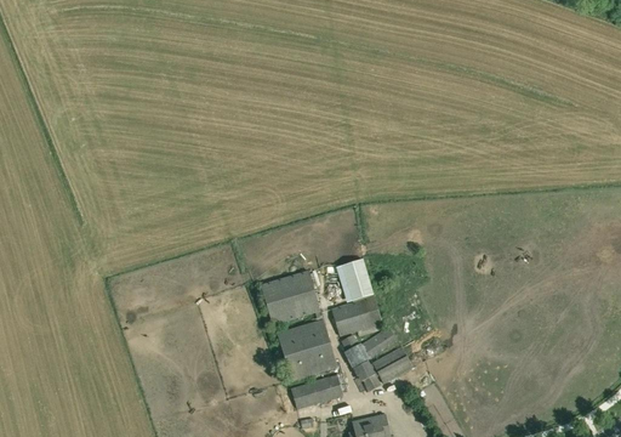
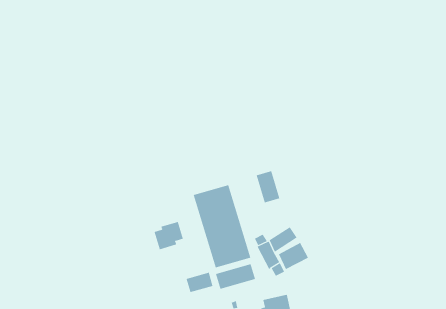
building: [331,296,383,335] -> none
building: none -> [154,221,183,250]
building: none -> [186,272,213,293]

